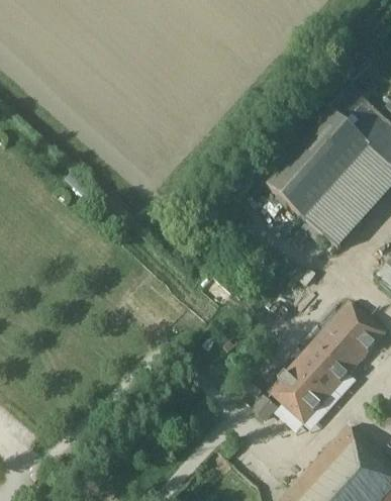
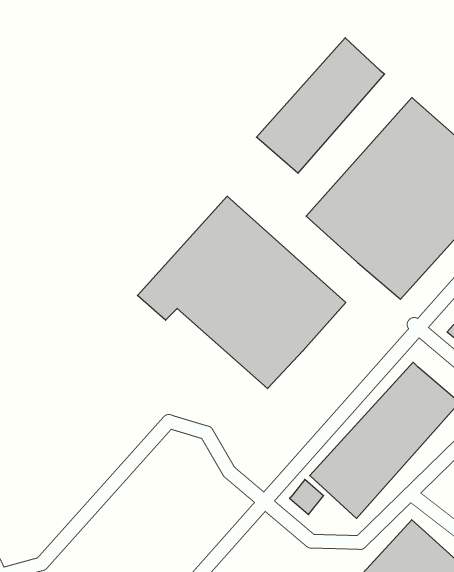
building: none -> [256,38,385,173]
building: none -> [137,196,346,389]

